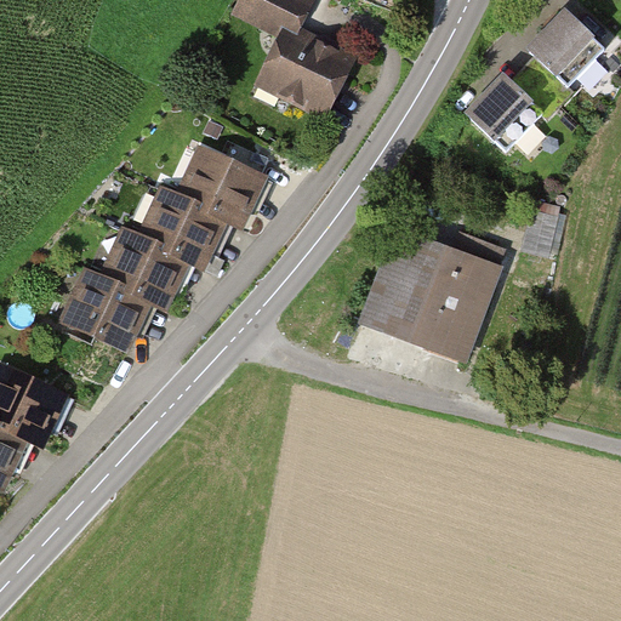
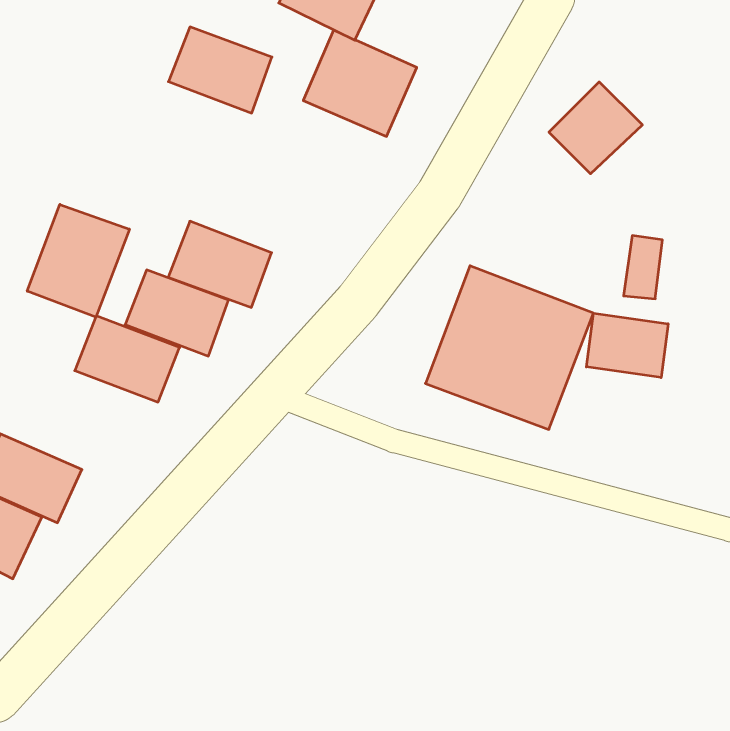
building: [529,8,604,84] -> none
building: [178,147,266,220] -> [168,27,272,113]
building: none -> [27,204,129,317]
building: none -> [586,313,668,378]

